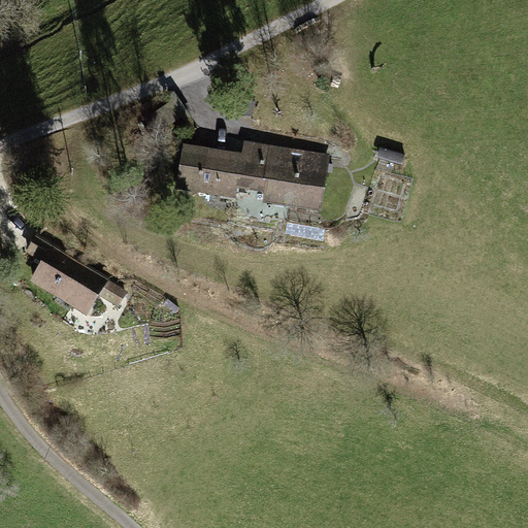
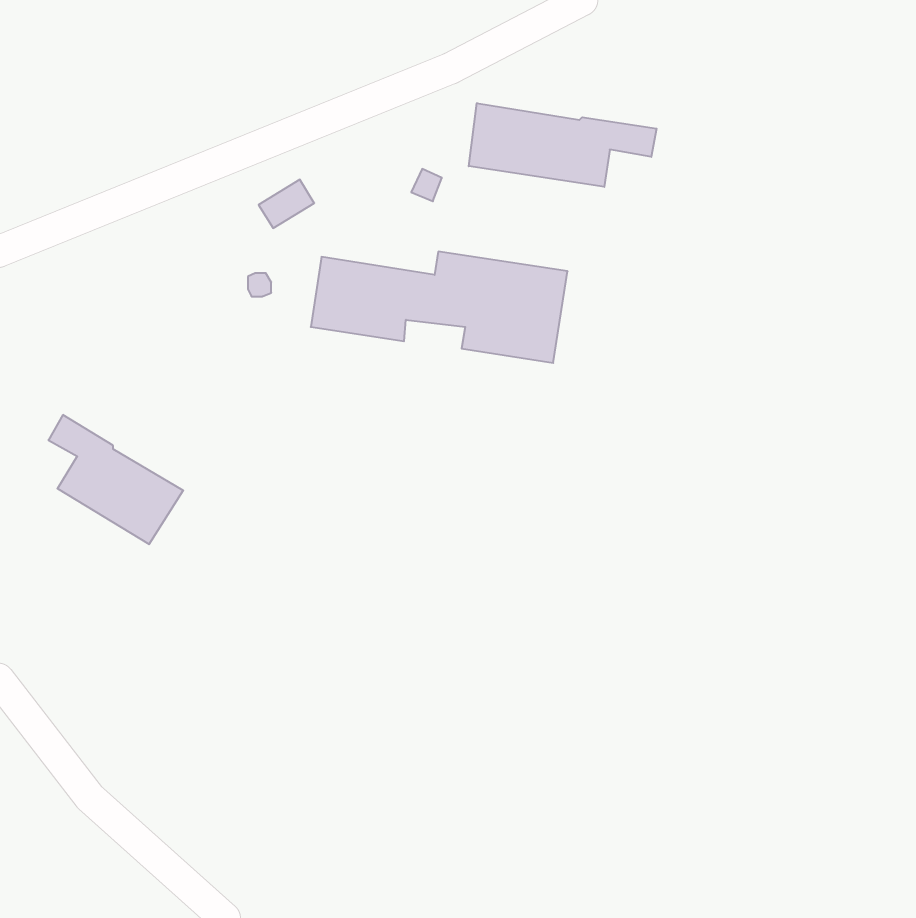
building: none -> [469,103,657,187]

